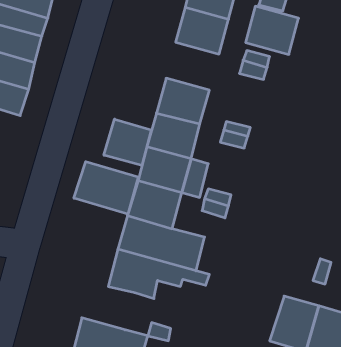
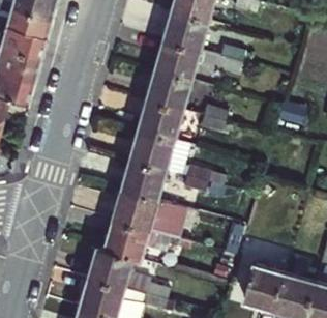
building: [246,6,299,54] -> [153,40,199,82]
building: [104,119,151,166] -> none
building: [74,162,138,214] -> none
building: none -> [81,247,126,288]

